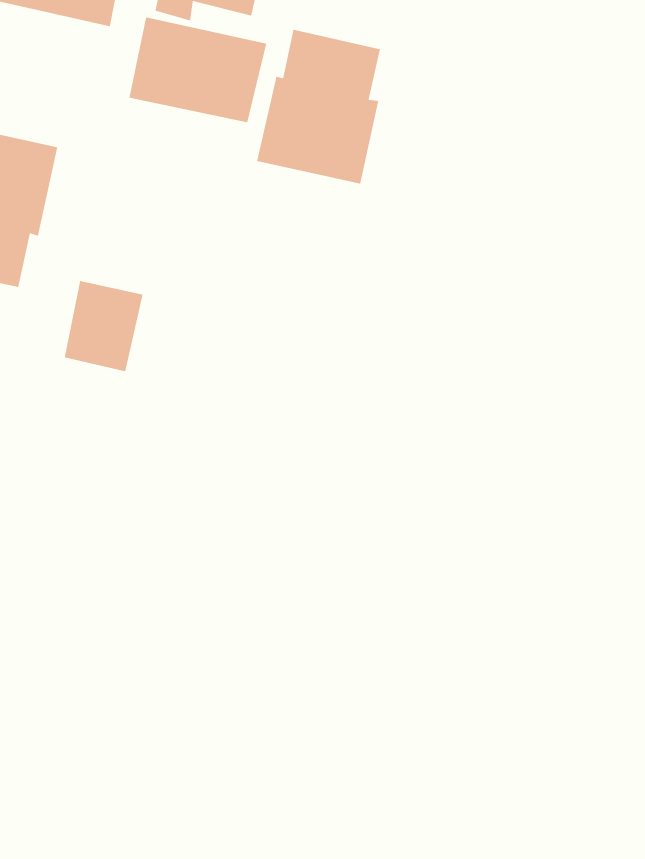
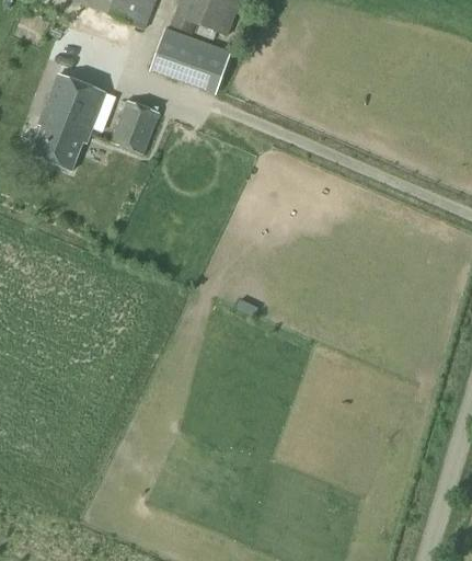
building: [256,29,381,185] -> none
building: [64,280,143,372] -> [111,98,161,153]

